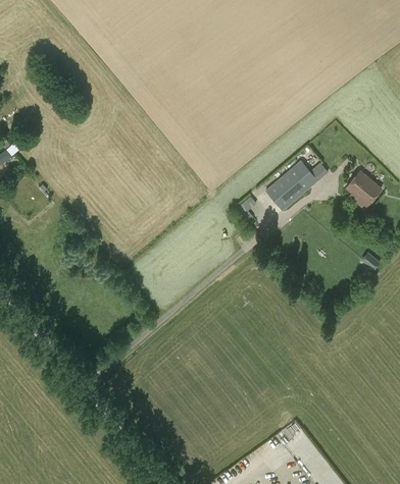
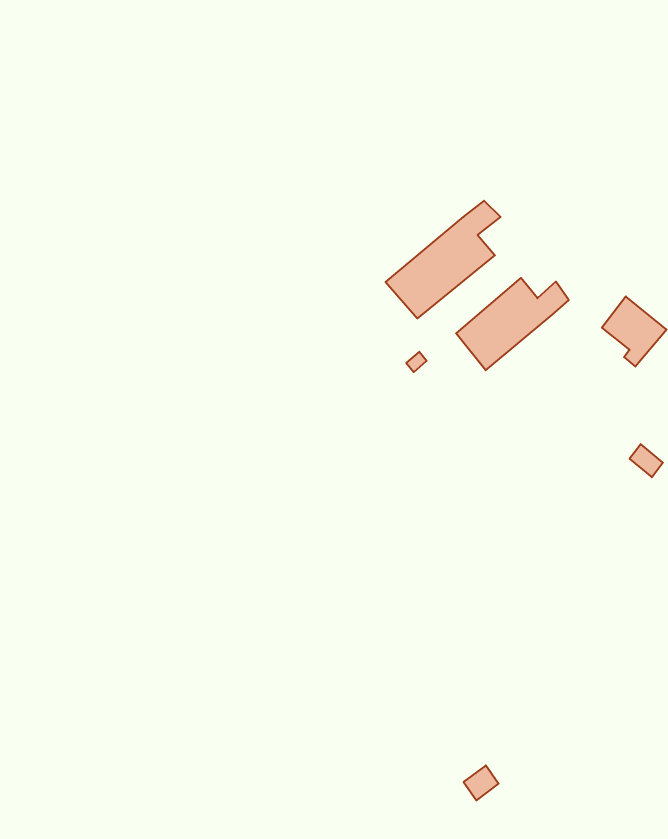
building: none -> [386,201,501,318]

